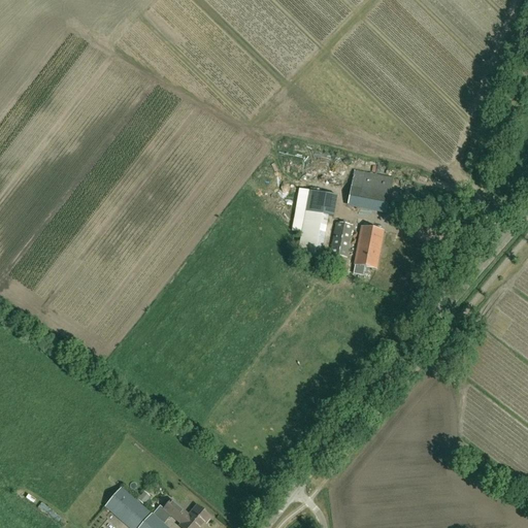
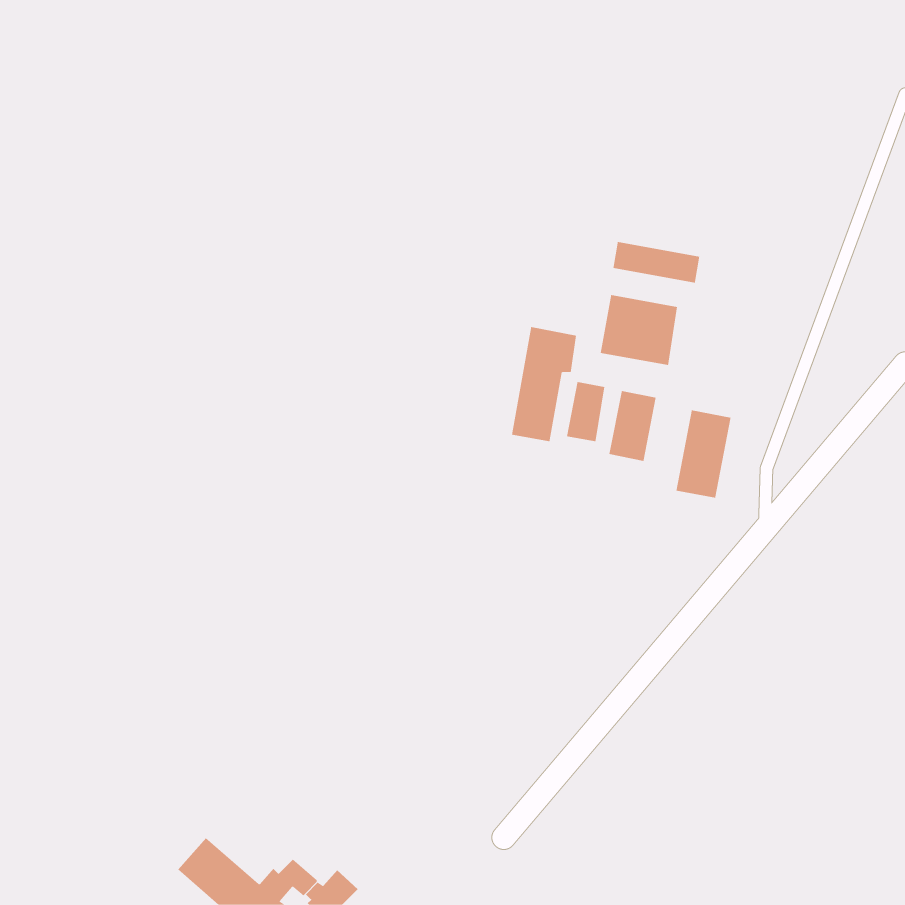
building: none -> [613,241,700,284]
building: none -> [676,410,731,499]

